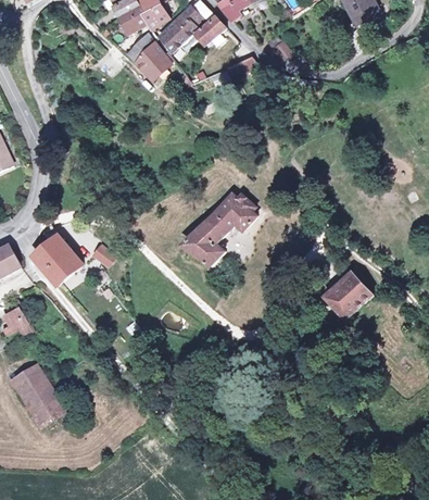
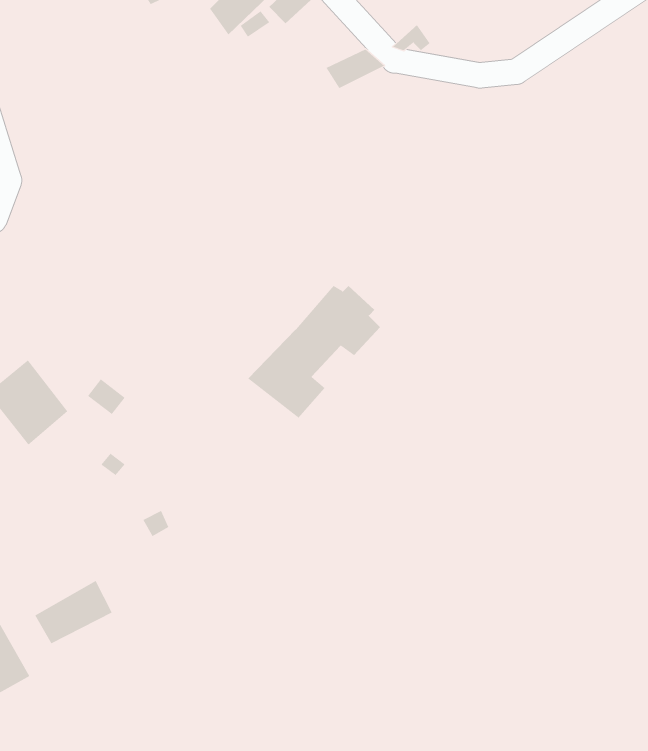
building: [130,34,174,77] -> none
building: [325,272,376,322] -> none
building: none -> [34,580,113,644]

